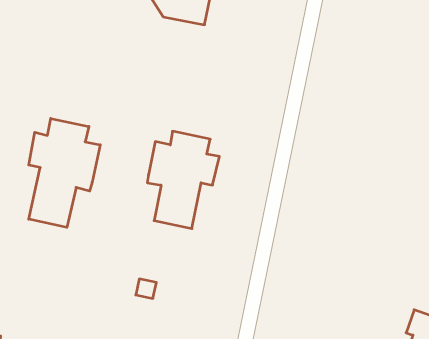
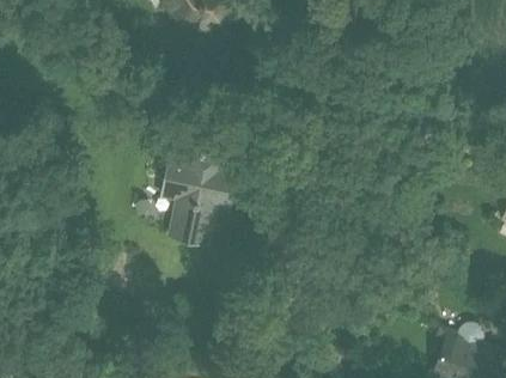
building: [29,118,100,227] -> none

